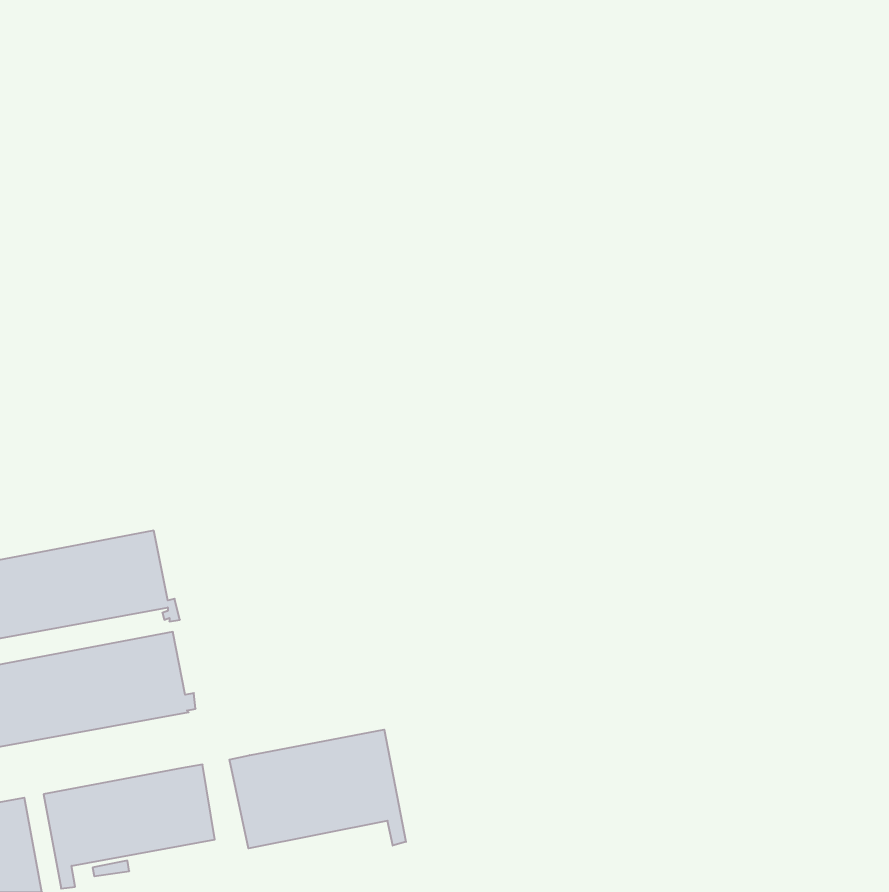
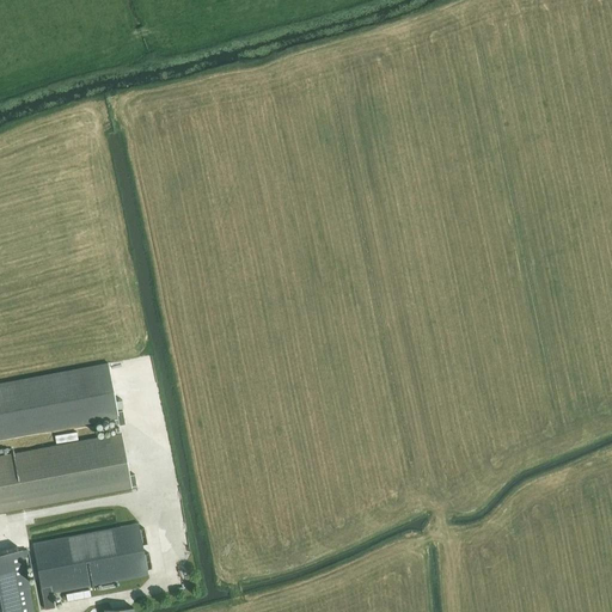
building: [229,730,406,848] -> none

